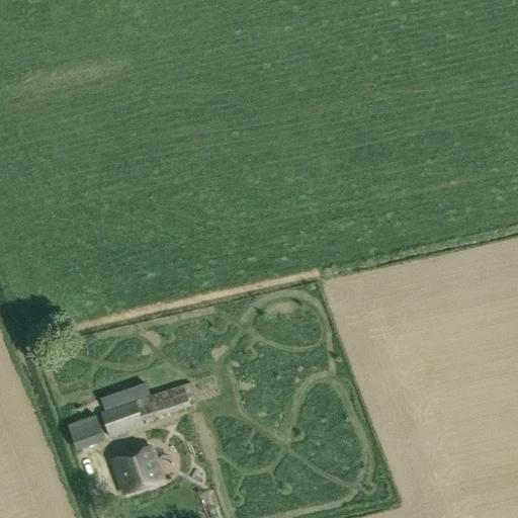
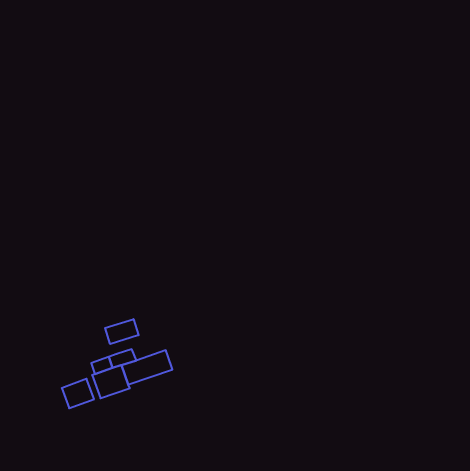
building: none -> [105,319,139,344]
building: [111,444,162,494] -> none

